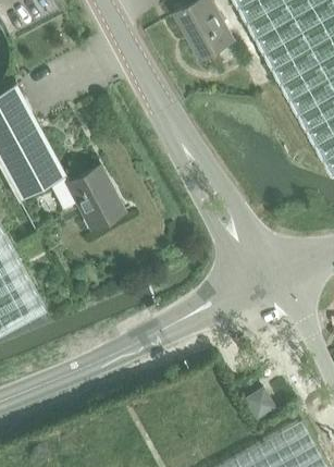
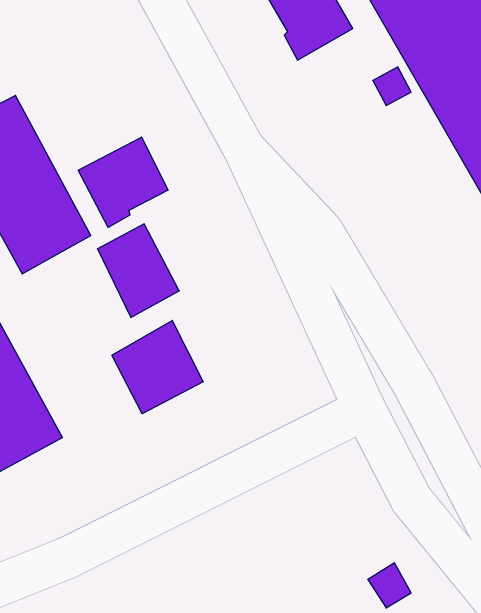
building: none -> [78,137,168,227]
building: none -> [112,320,203,414]

